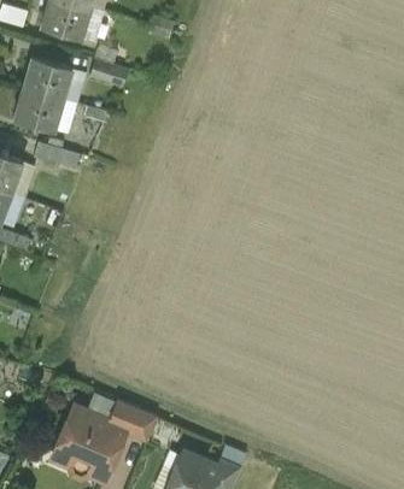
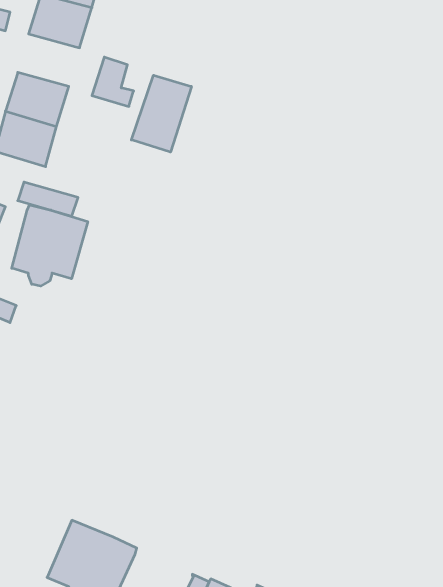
building: none -> [131,75,191,152]
building: none -> [12,205,88,286]
building: [107,399,158,442] -> none

